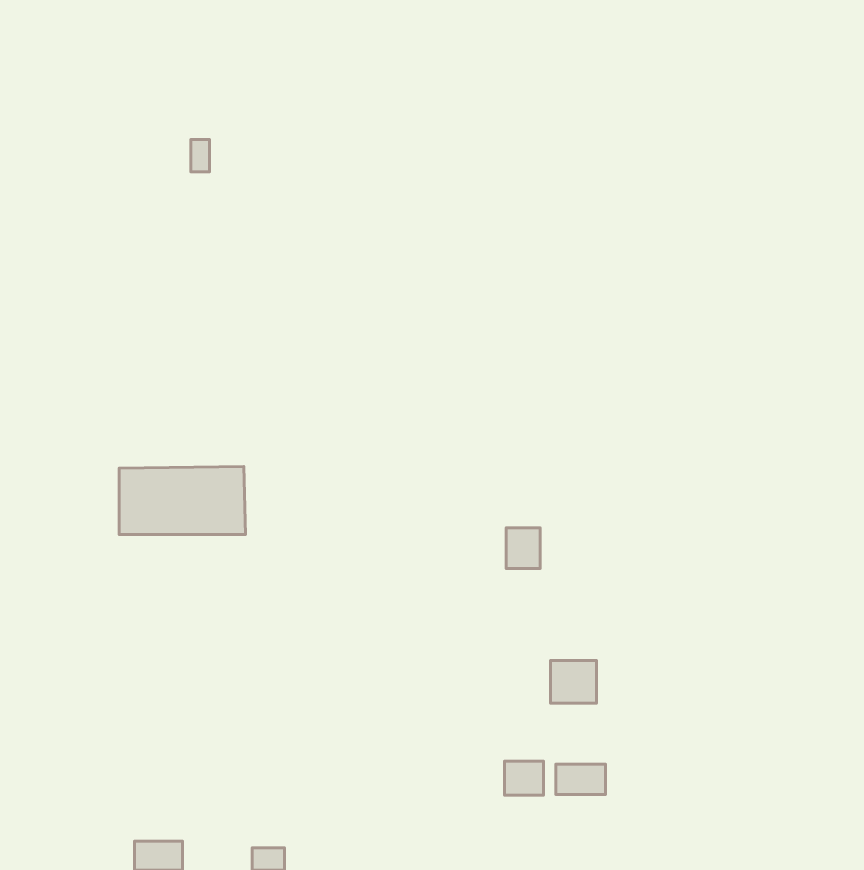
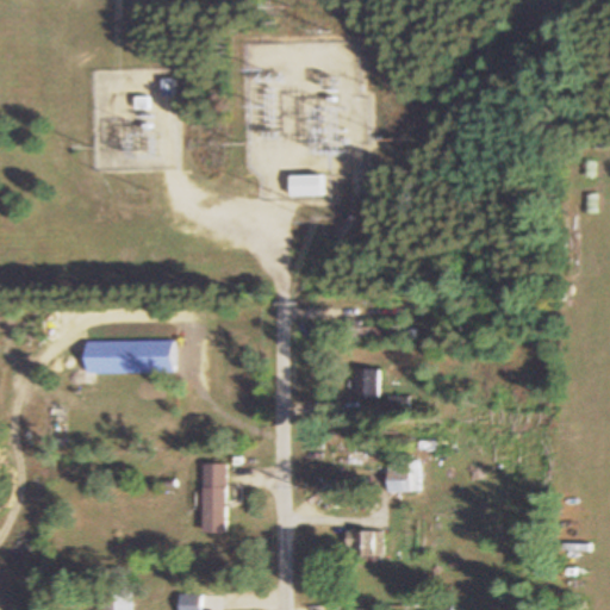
building: none -> [287,174,318,195]
building: none -> [201,465,225,533]
building: [556,764,605,795] -> none

